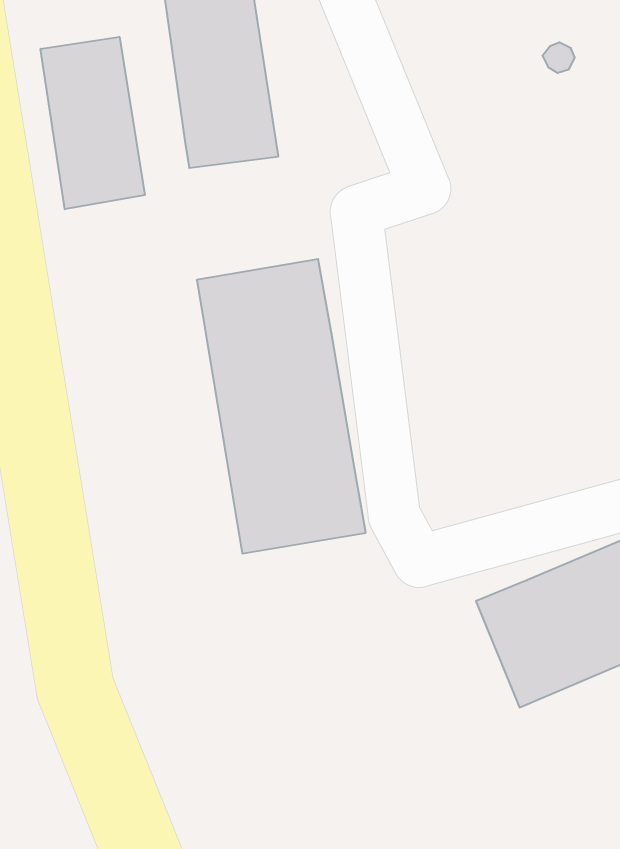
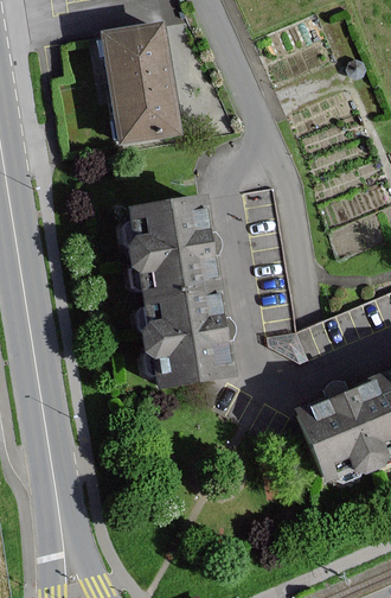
building: [41,37,145,209] -> none

